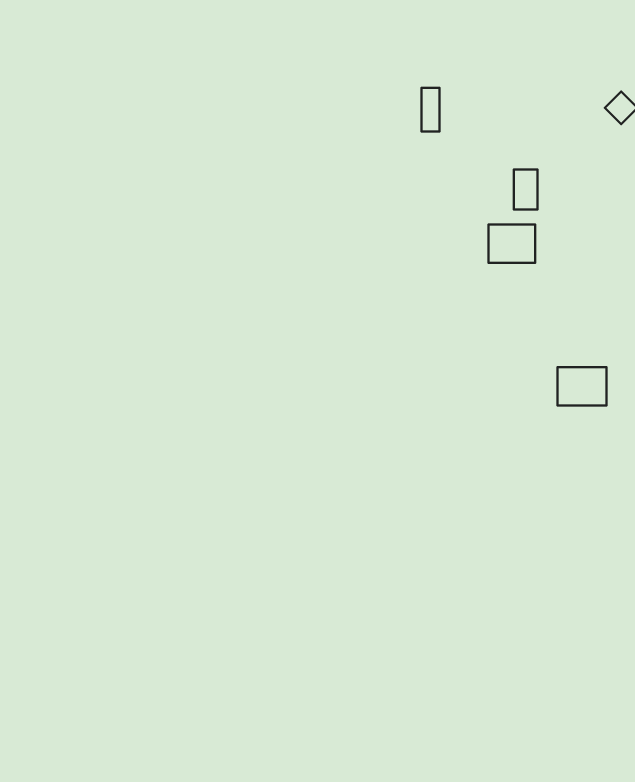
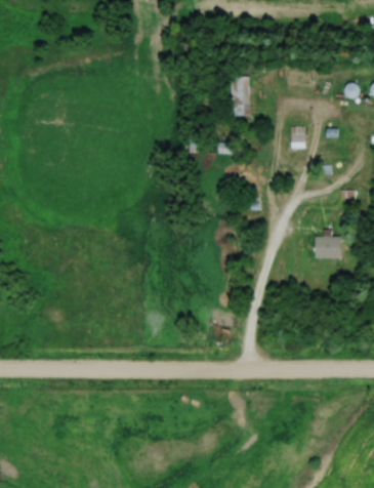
building: [488,224,535,263] -> none

